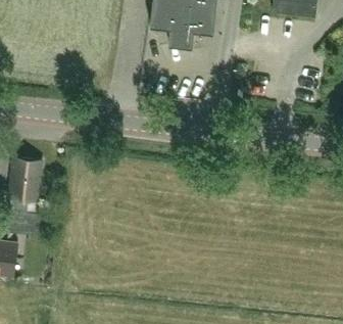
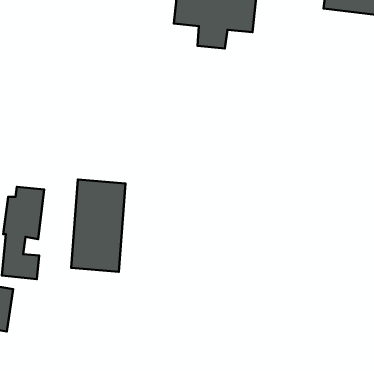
building: none -> [71,179,125,272]

